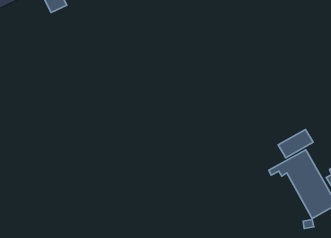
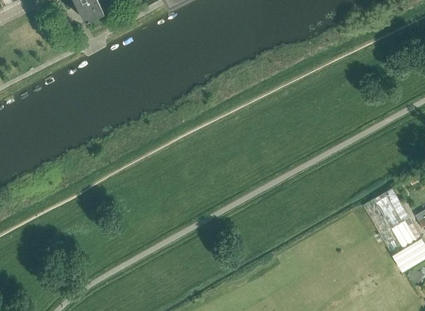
building: [278,130,313,158] -> none

